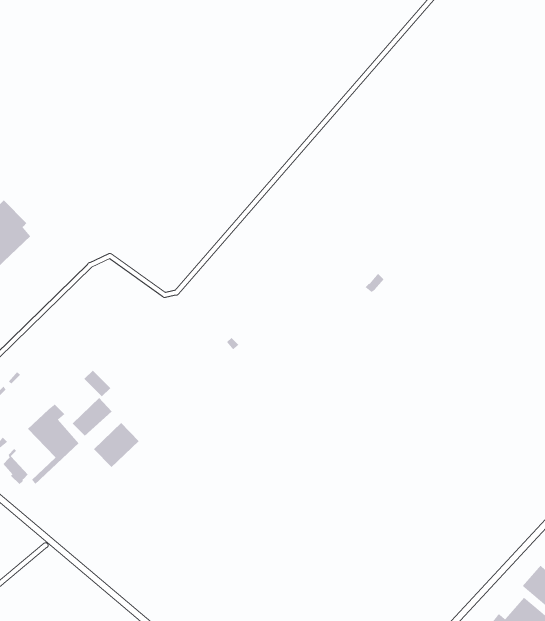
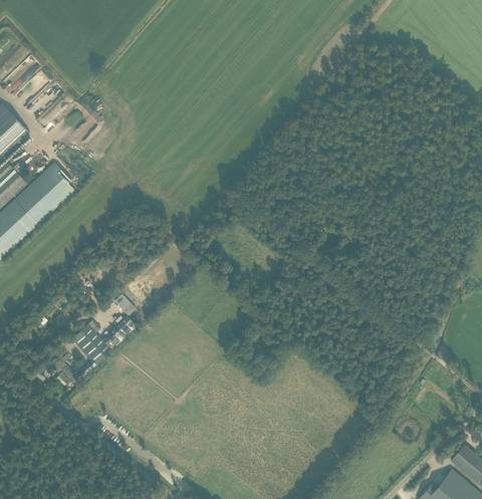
building: [93,422,139,468] -> none

